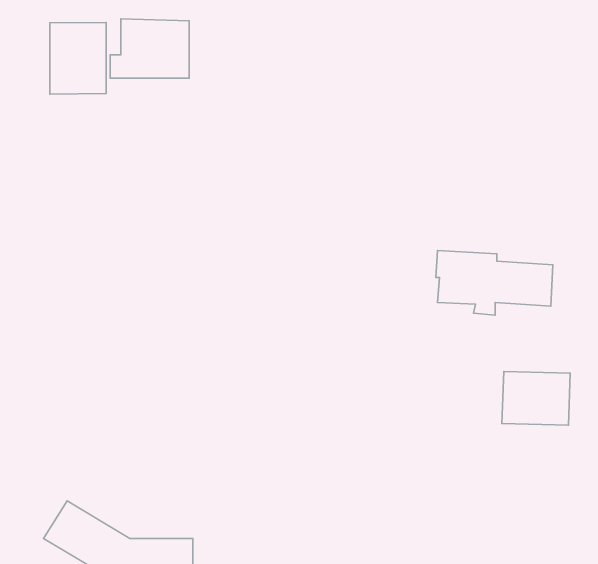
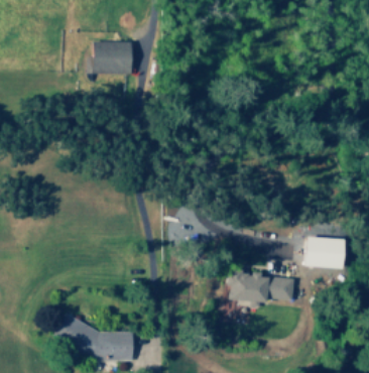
building: [50,23,106,94] -> none
building: [436,250,553,315] -> [229,270,294,306]

